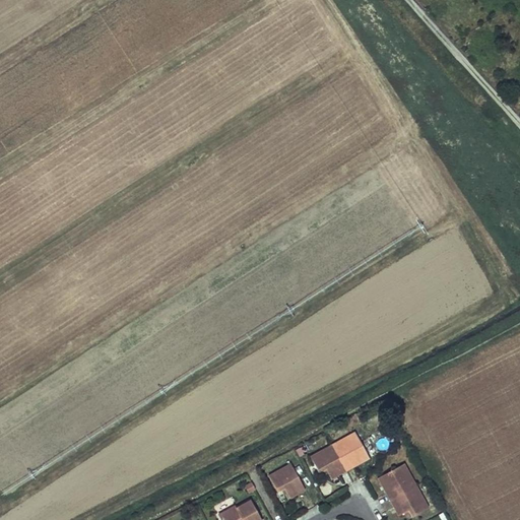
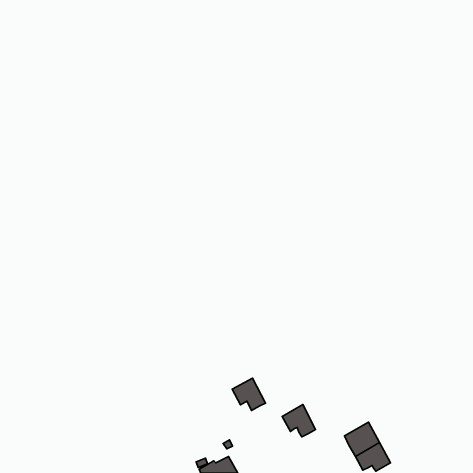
building: [332,432,369,471] -> none
building: [268,463,305,499] -> [232,378,265,411]

